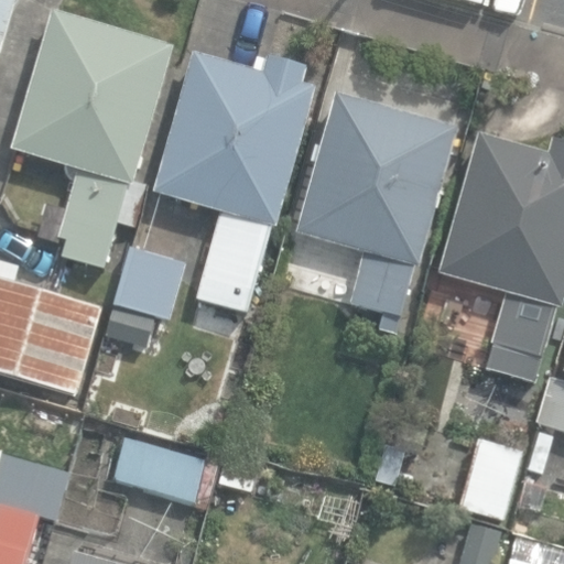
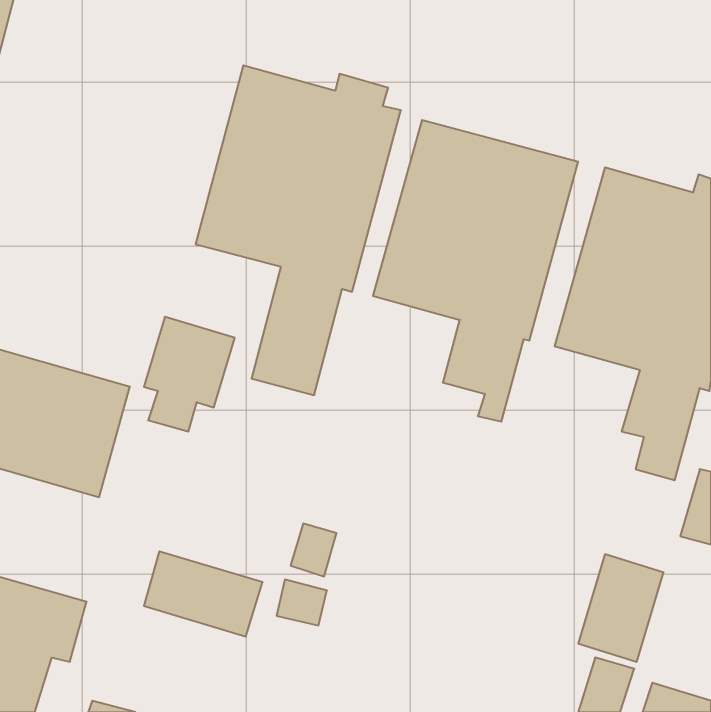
building: [9,9,176,267] -> none

